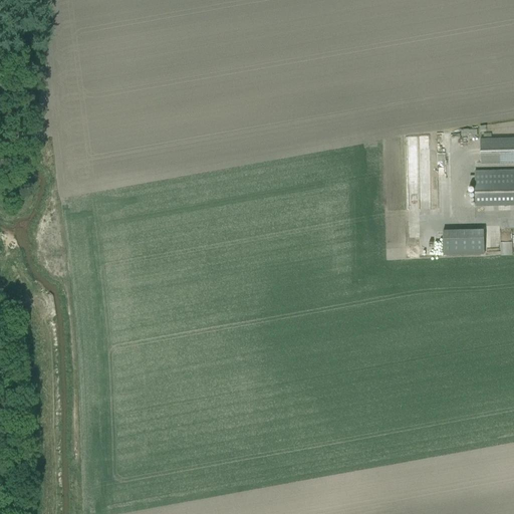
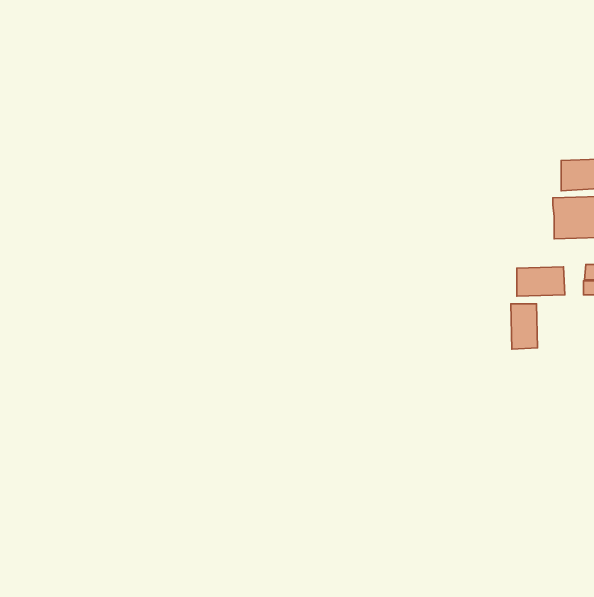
building: none -> [511,304,538,349]

